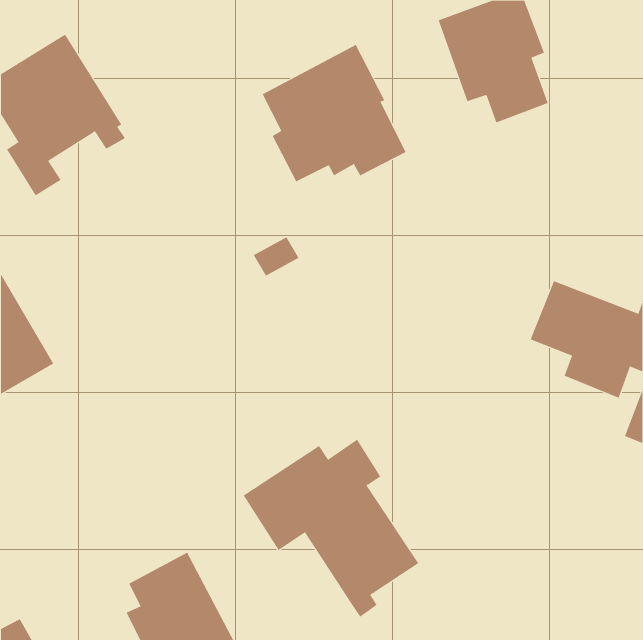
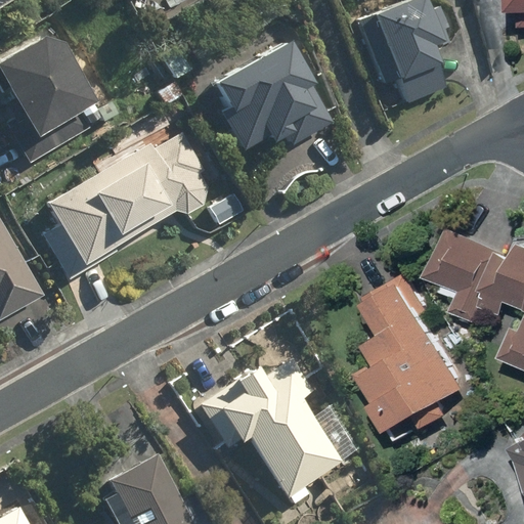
building: none -> [38,135,207,280]
building: none -> [367,276,472,431]

